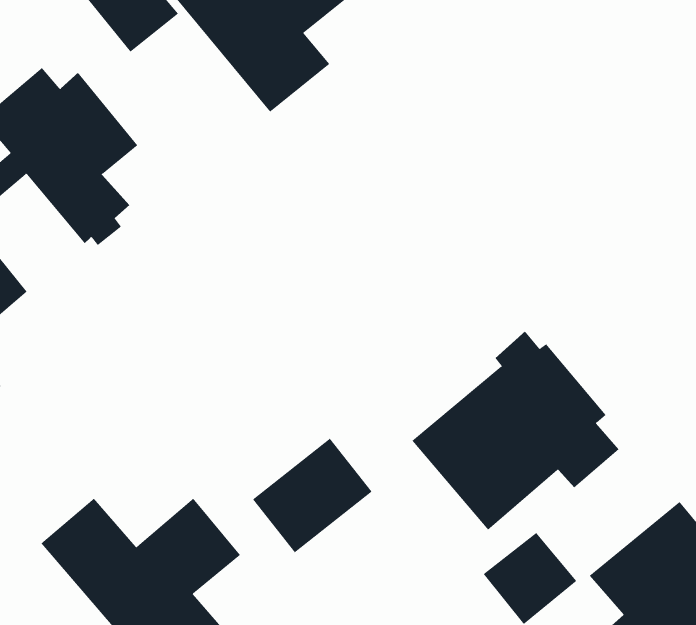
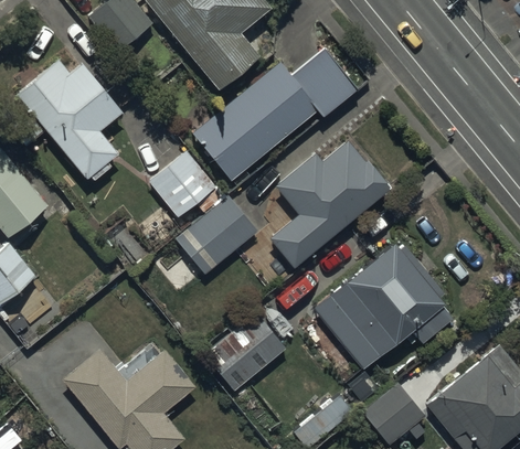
building: none -> [193,45,358,182]
building: none -> [266,141,389,269]
building: none -> [148,150,258,275]

